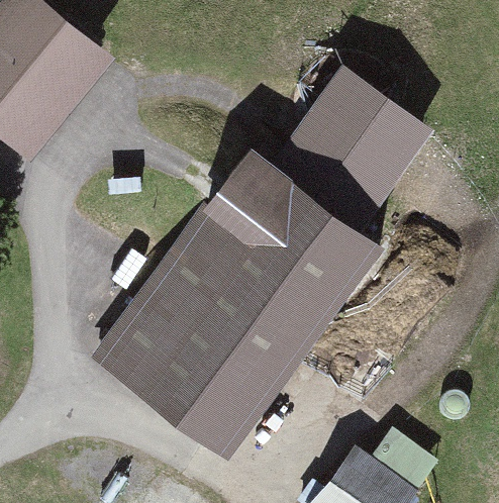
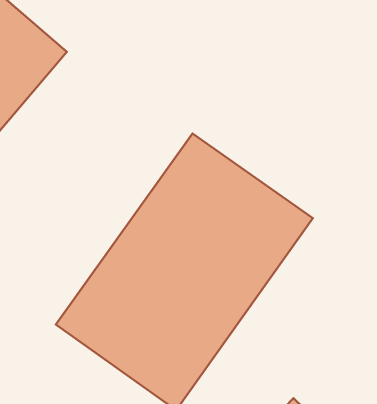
building: [272,66,434,227] -> none

